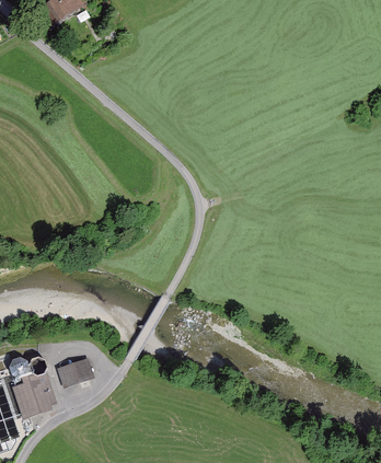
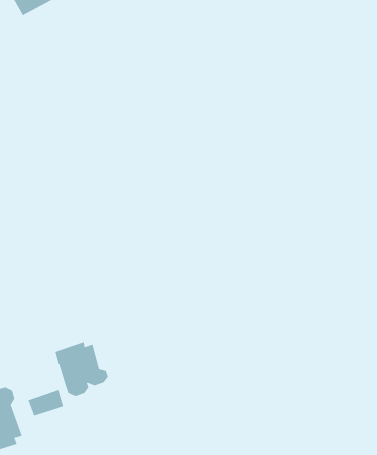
building: none -> [55,341,108,397]

